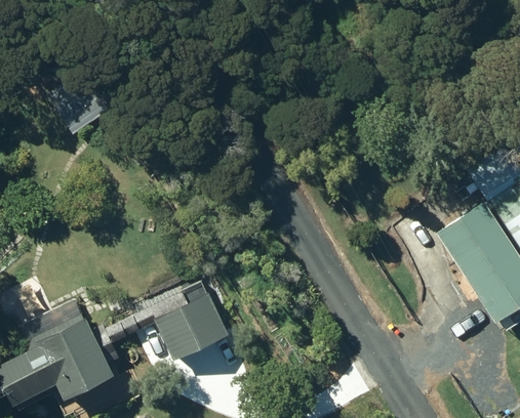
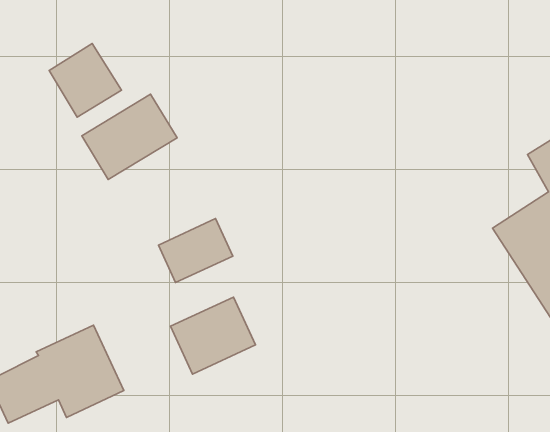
building: none -> [82,94,177,180]
building: none -> [158,219,233,283]

